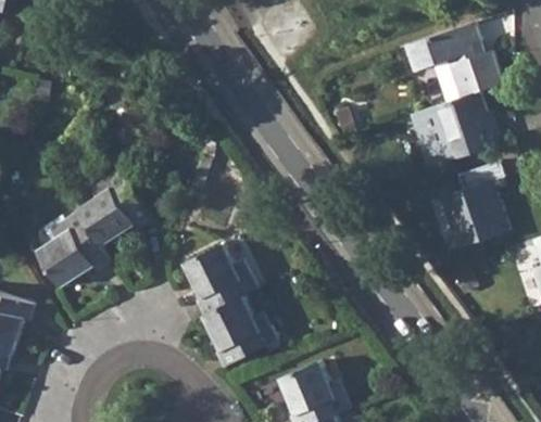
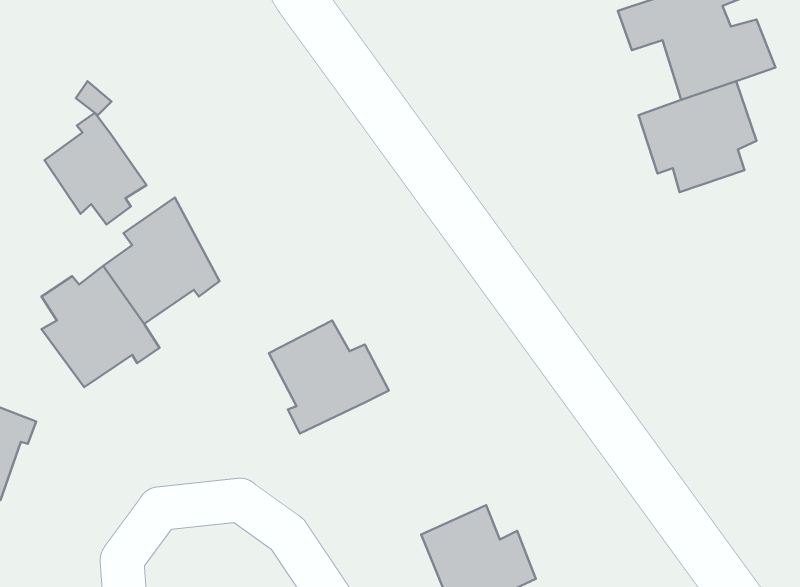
building: none -> [45,113,147,224]
building: [439,163,507,248] -> none
building: [201,296,277,368] -> none

